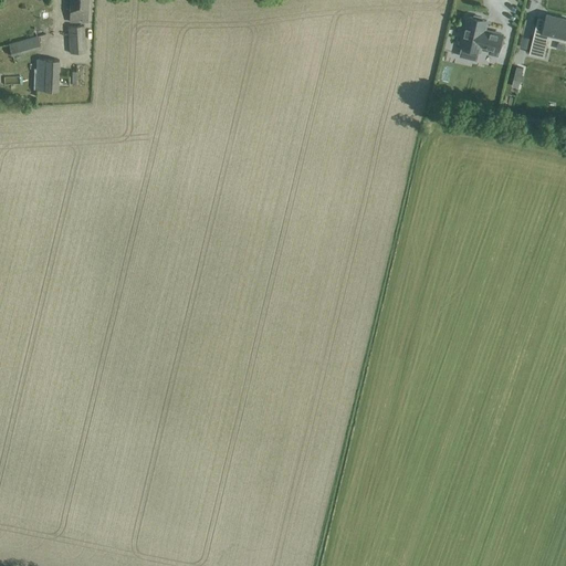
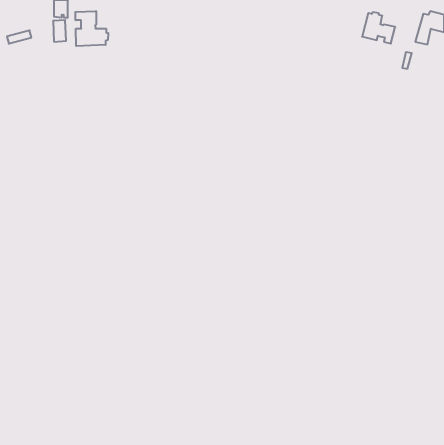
building: none -> [75,11,108,46]
building: [34,59,57,91] -> none

